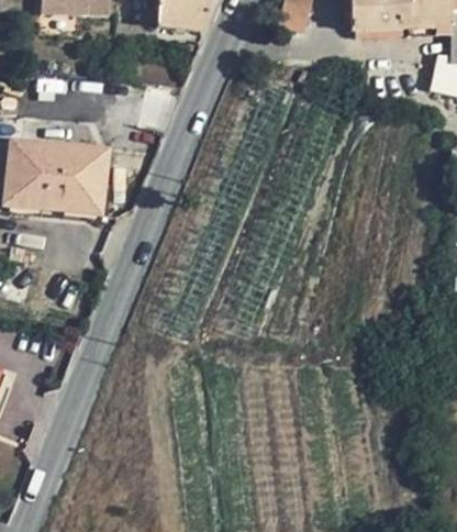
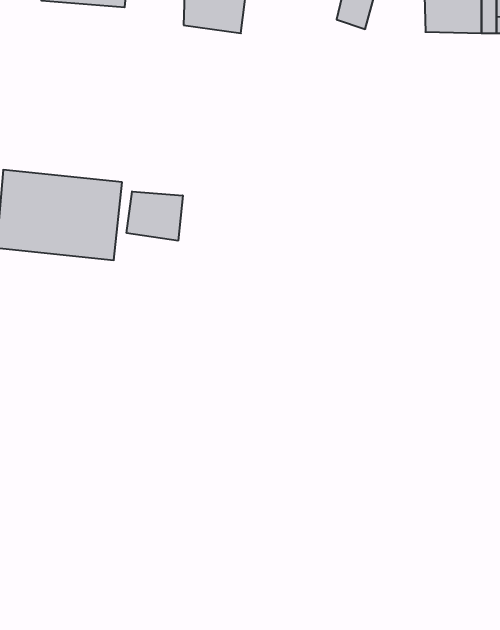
building: none -> [127,191,183,241]

